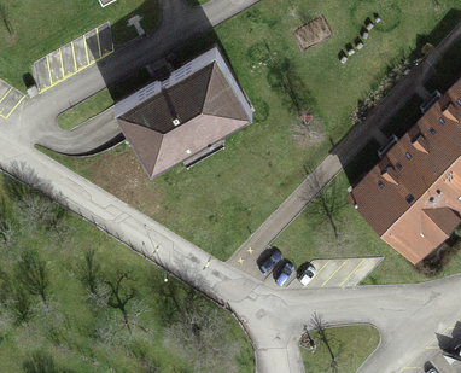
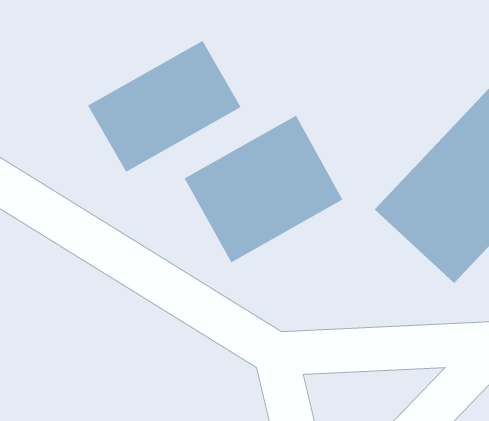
building: none -> [184,115,343,263]

